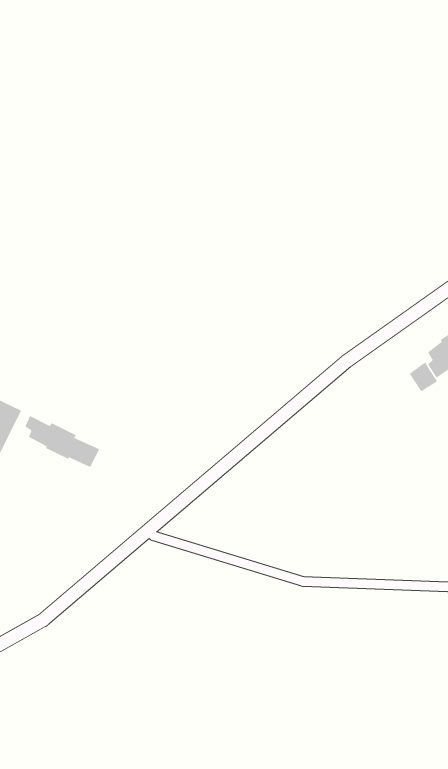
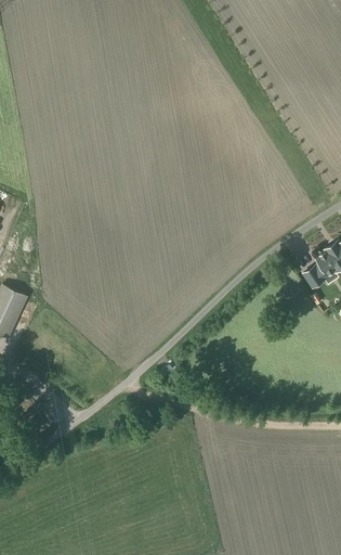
building: [24,415,100,468] -> none

